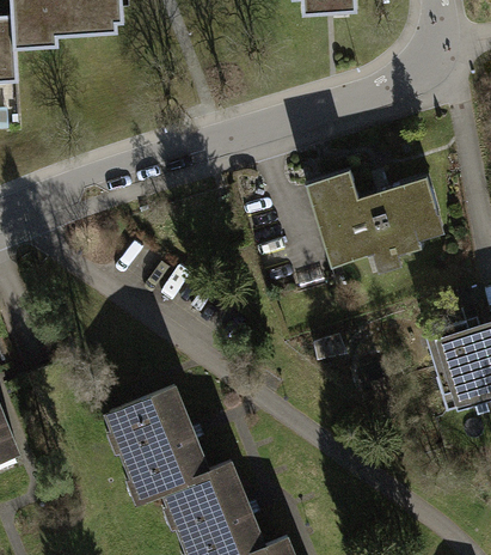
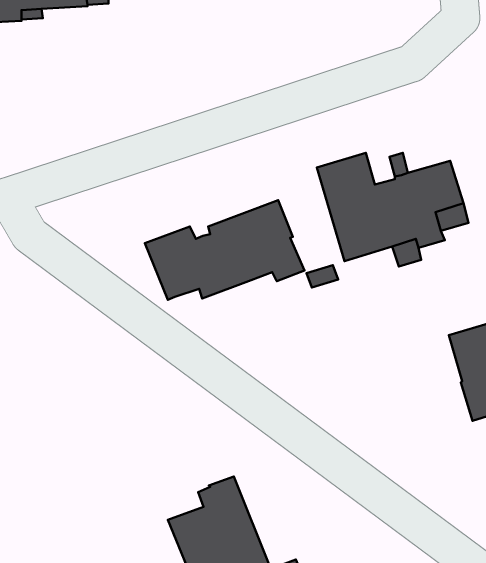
building: none -> [145,200,305,300]
building: [110,385,209,501] -> none

